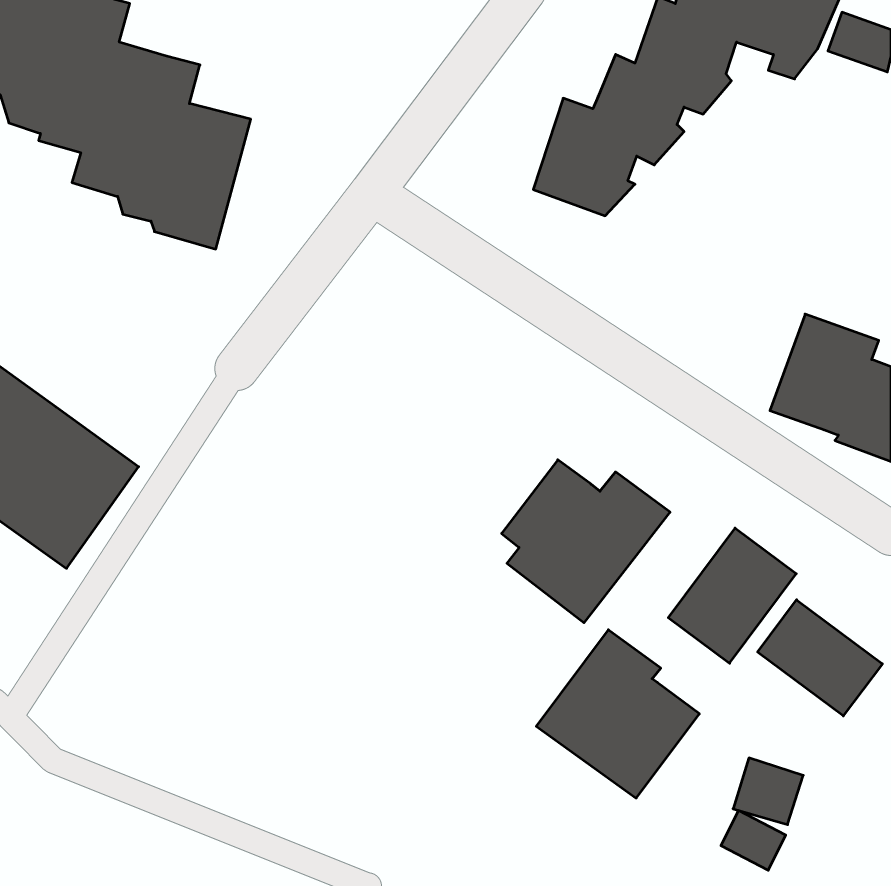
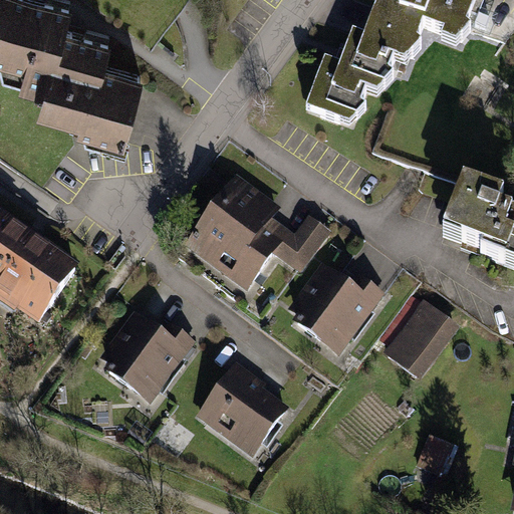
building: none -> [185,174,329,288]
building: none -> [98,308,195,403]
building: [758,600,882,716] -> none
building: [536,630,699,798] -> [194,359,287,456]

